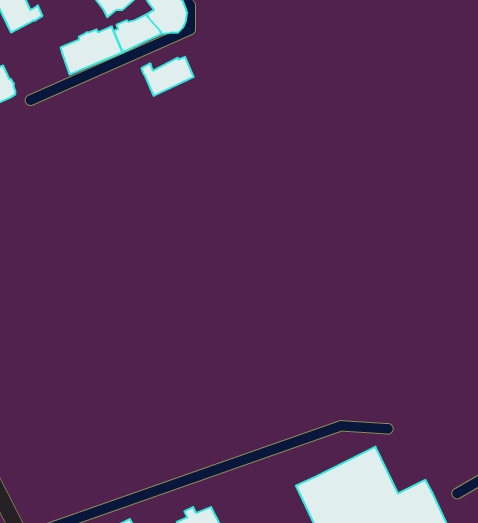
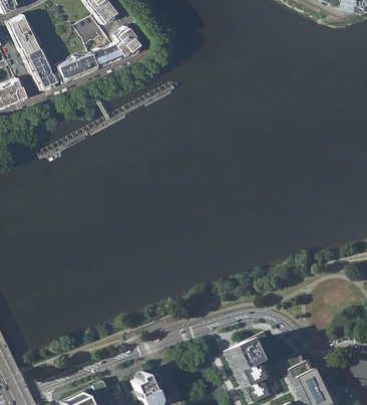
building: none -> [26,45,61,88]
building: [142,57,194,96] -> none

